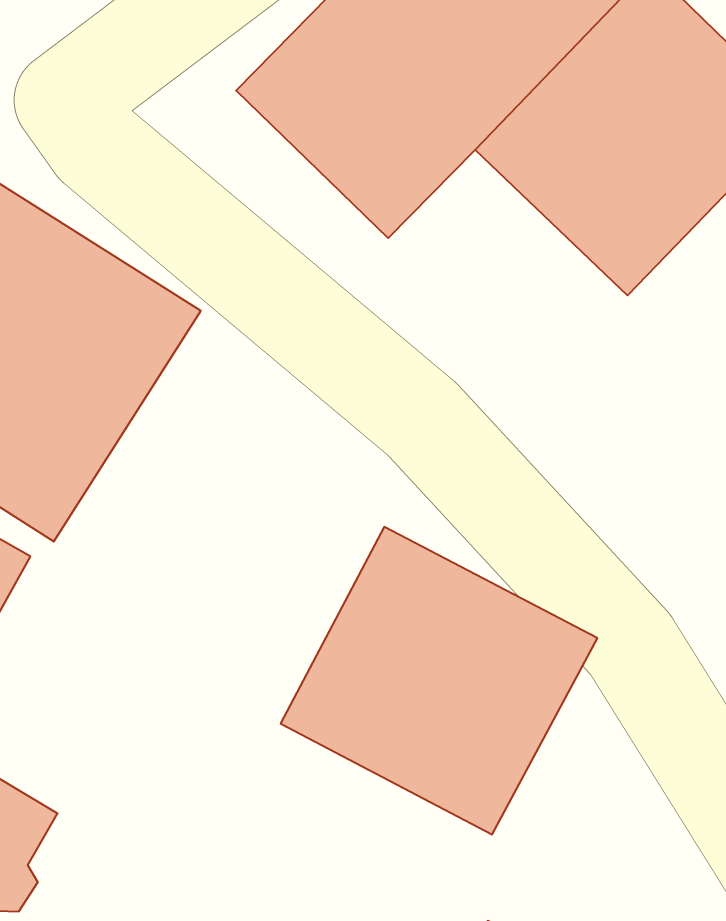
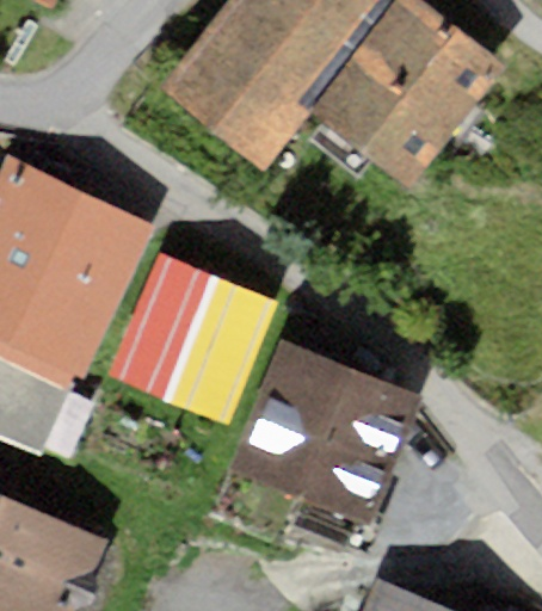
building: none -> [109,253,278,424]

